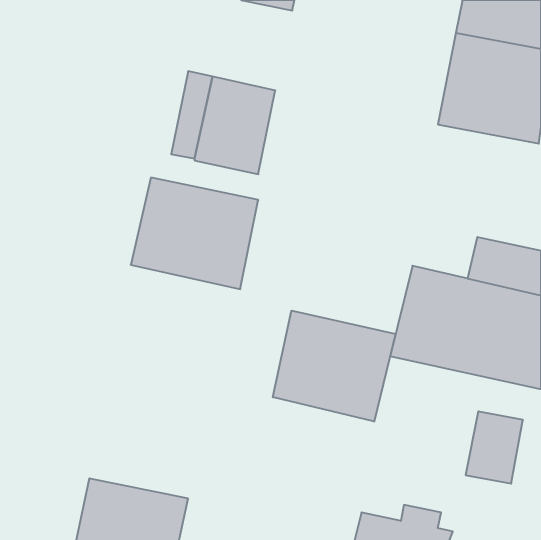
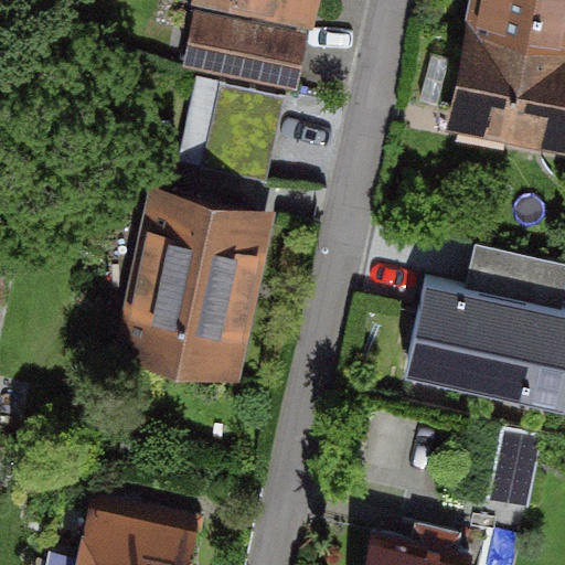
building: none -> [211,17,305,89]
building: none -> [118,278,249,381]
building: [273,311,395,422] -> none

